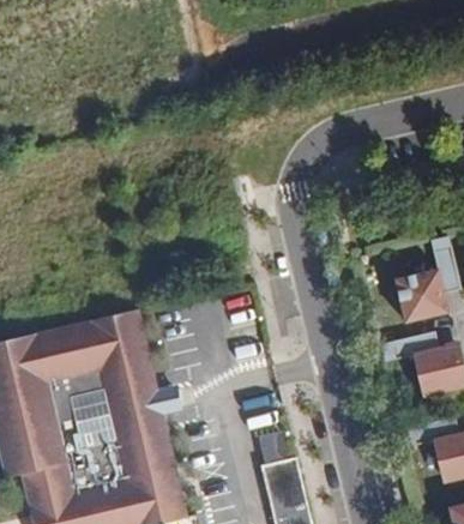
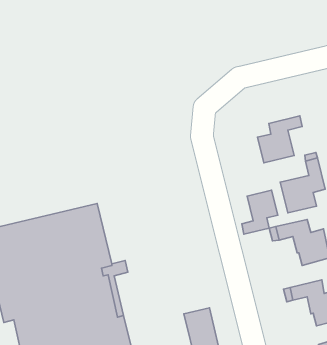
building: none -> [257,116,302,163]
building: none -> [242,190,278,234]

